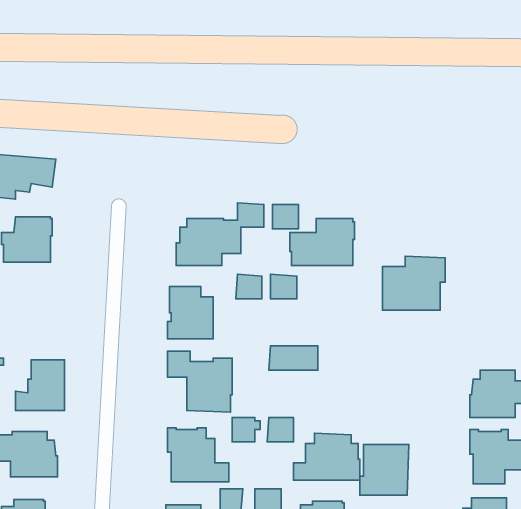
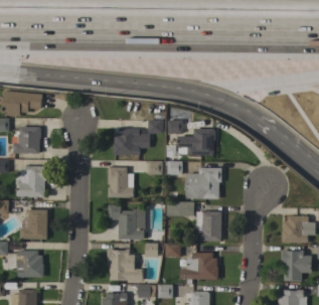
building: [382,256,445,310] -> [185,167,221,198]
building: none -> [16,166,47,197]
building: [360,445,409,495] -> [193,211,221,241]

